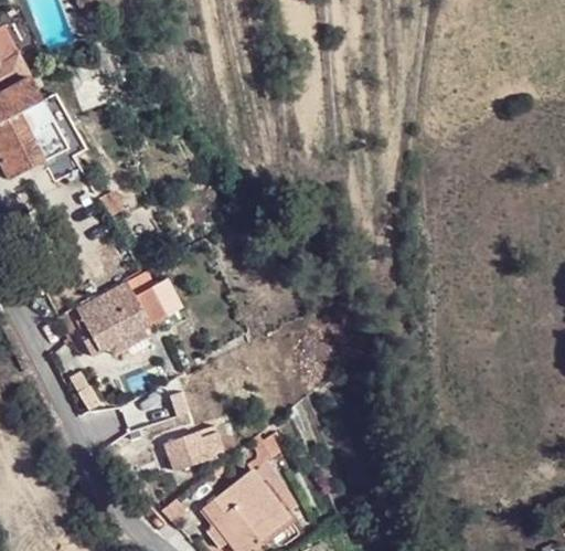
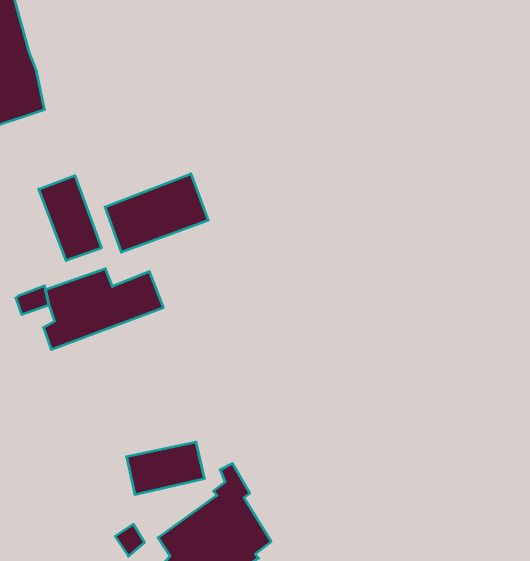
building: none -> [105,174,208,252]
building: none -> [39,176,101,261]

